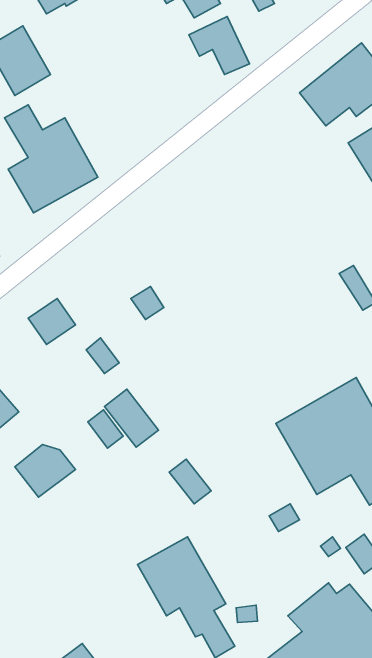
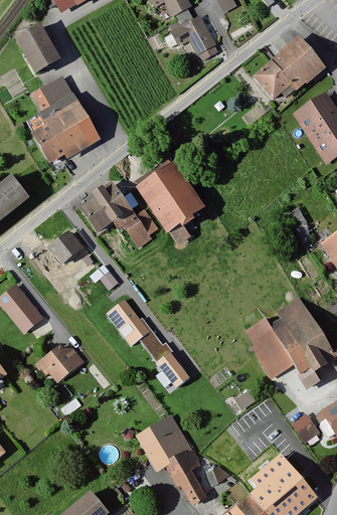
building: none -> [139,162,209,235]
building: none -> [80,187,138,232]
building: [88,410,123,448] -> [142,329,169,358]

